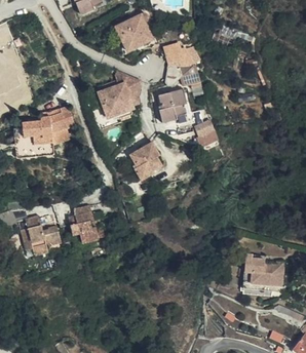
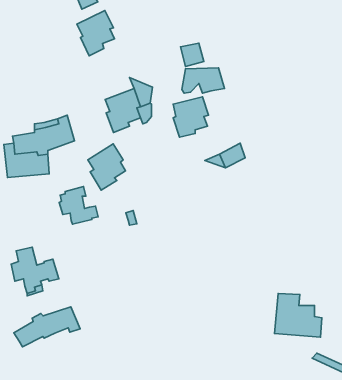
building: [117,14,149,52] -> [77,11,115,56]
building: [130,141,162,180] -> [88,144,125,190]
building: [70,211,103,243] -> [59,186,98,224]
building: none -> [14,307,80,347]

